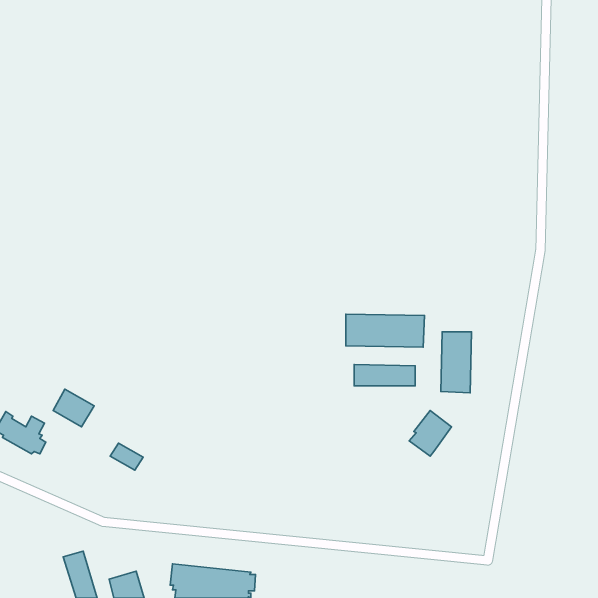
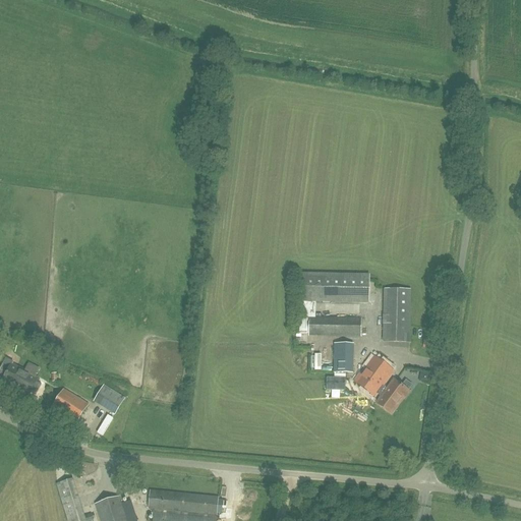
building: [53,389,94,427] -> [52,389,88,421]
building: none -> [333,343,352,371]
building: none -> [377,379,409,412]

